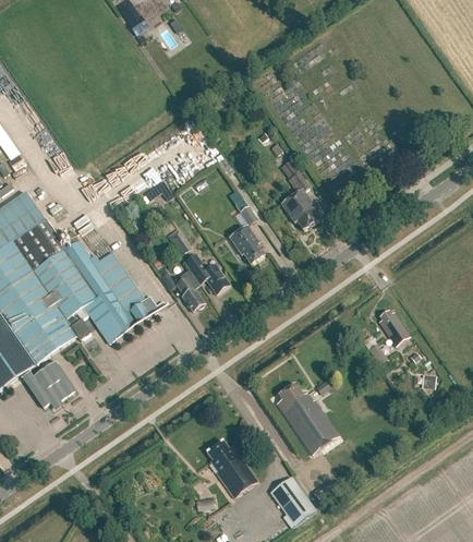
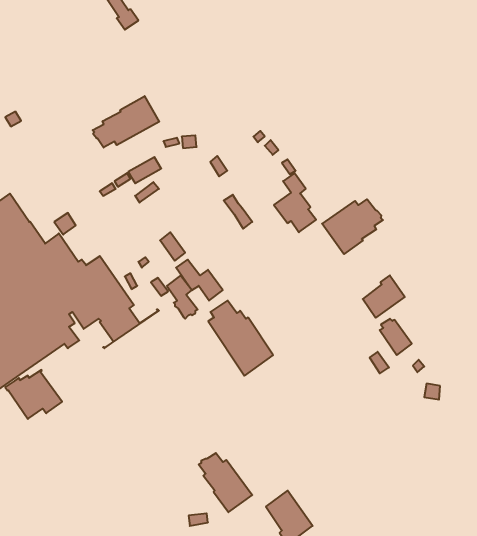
building: none -> [93,96,159,148]
building: none -> [322,199,383,254]
building: [228,225,263,264] -> none
building: none -> [363,275,405,318]
building: [276,382,338,454] -> [208,301,273,376]

